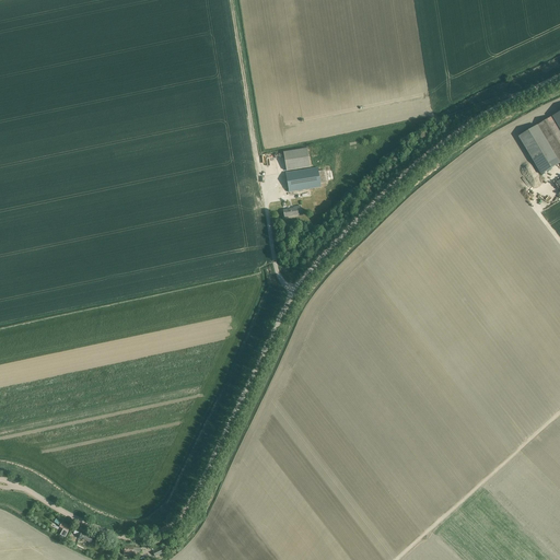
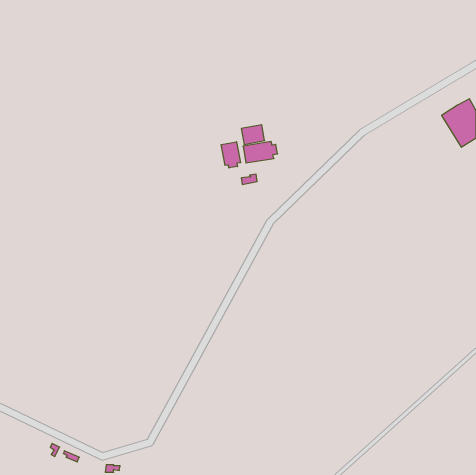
building: none -> [221,142,240,168]

